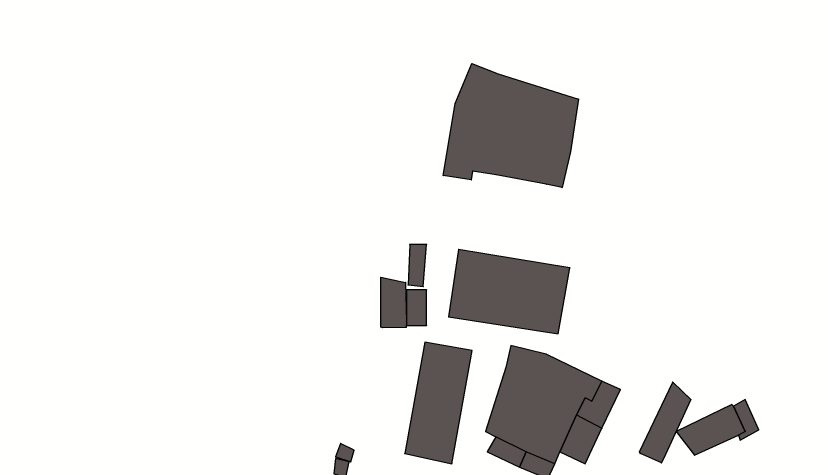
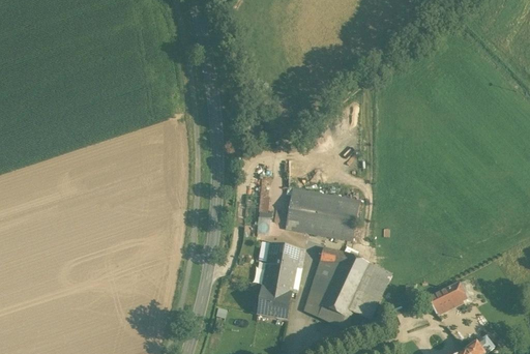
building: [443,64,579,188] -> none
building: [381,277,406,328] -> none
building: [639,382,691,463] -> none

